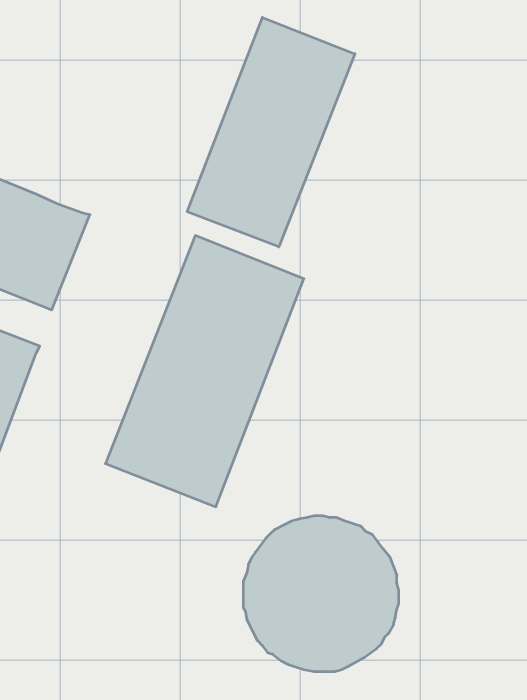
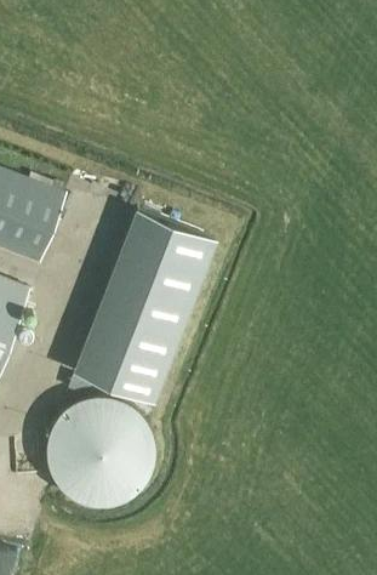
building: [187,17,355,247] -> none
building: [243,516,399,671] -> [46,394,155,503]

